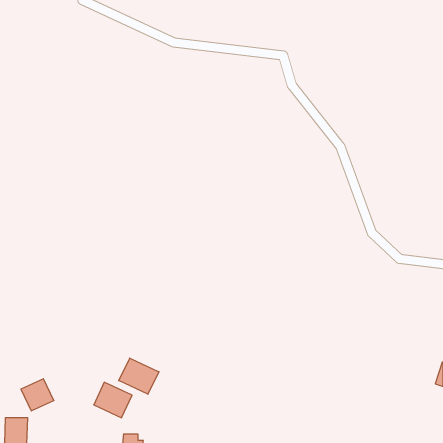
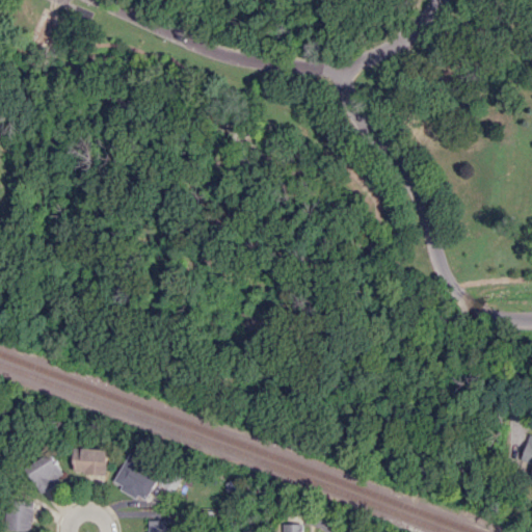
building: [119,358,159,394] -> none
building: none -> [72,448,106,474]

